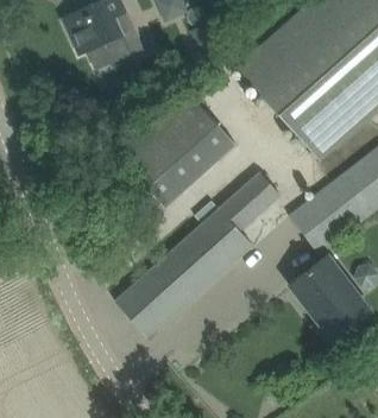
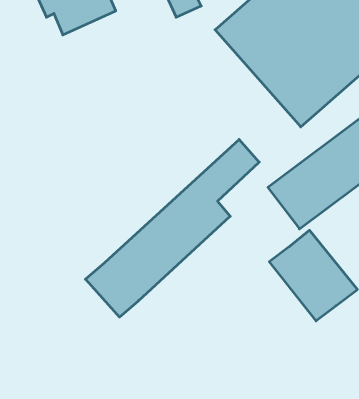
building: [119,91,233,204] -> none

